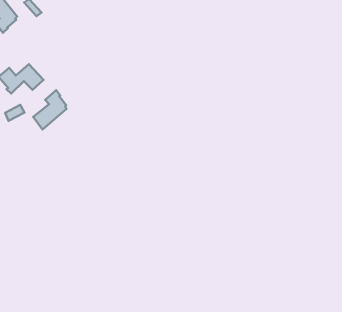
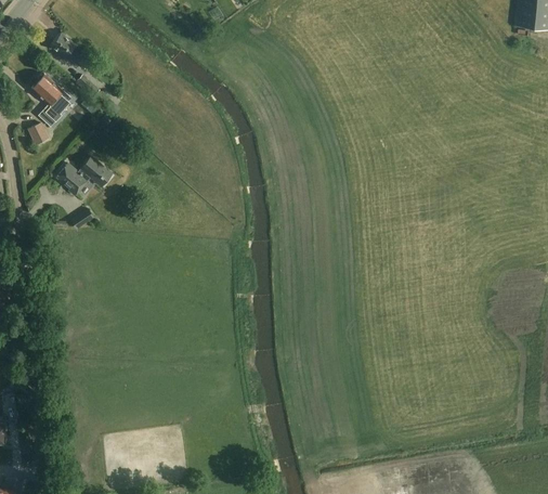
building: [33,90,67,129] -> none

